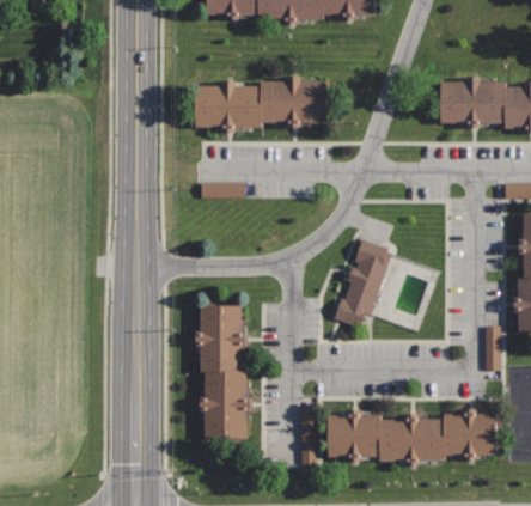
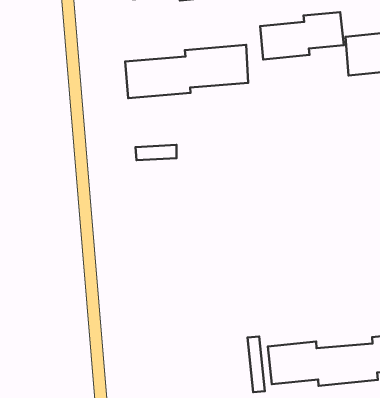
building: none -> [260,12,344,59]
building: [331,237,391,328] -> none
building: [197,305,245,439] -> none

